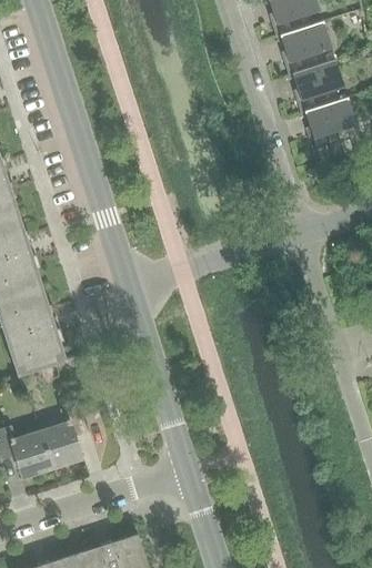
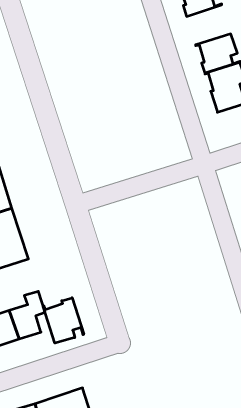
building: [277,22,335,75] -> none
building: none -> [43,298,84,343]

